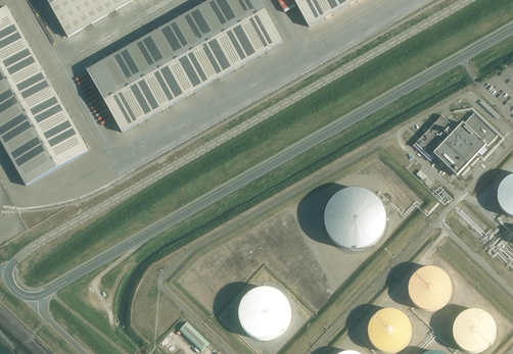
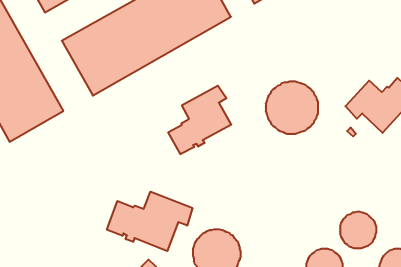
building: none -> [168,86,231,154]
building: [323,188,383,248] -> [266,82,318,134]
building: none -> [107,192,192,251]

